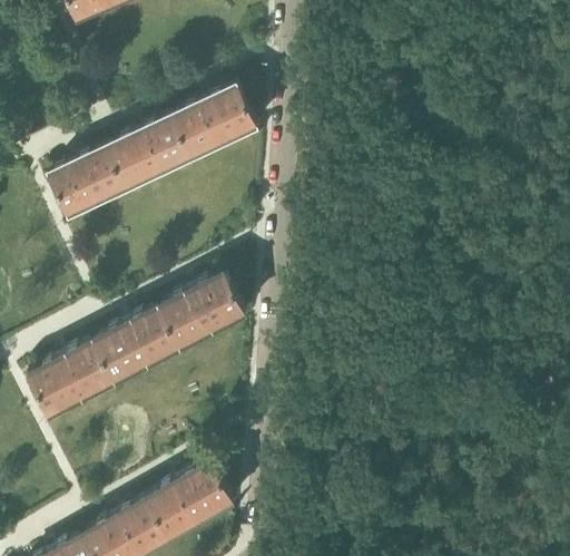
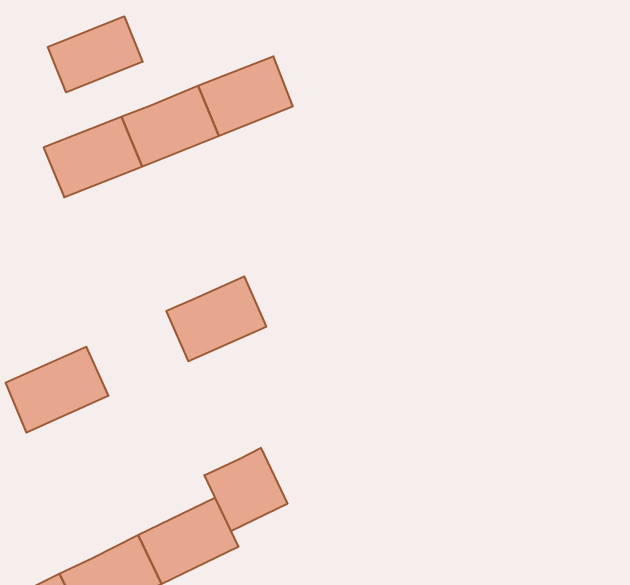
building: none -> [48,16,143,92]
building: [91,308,178,382] -> none
building: none -> [204,448,287,531]

